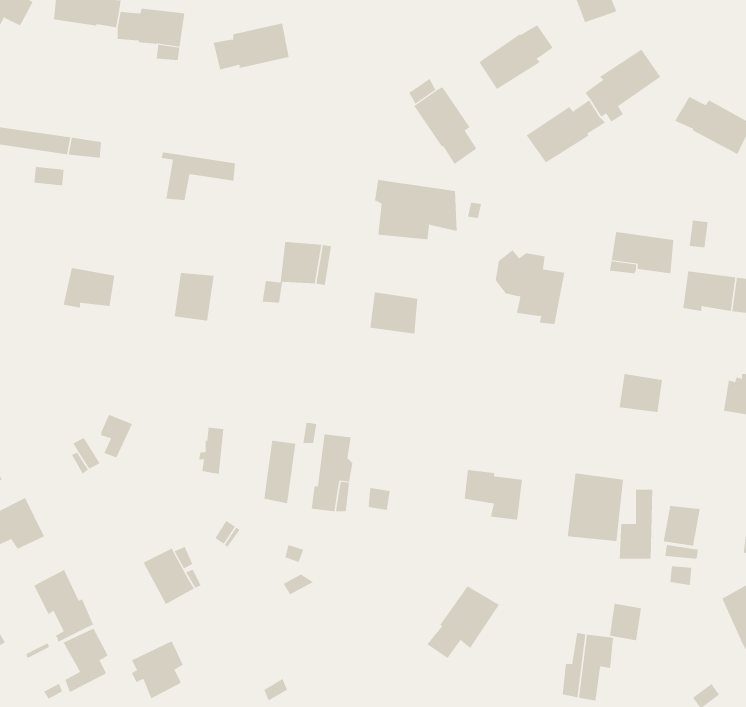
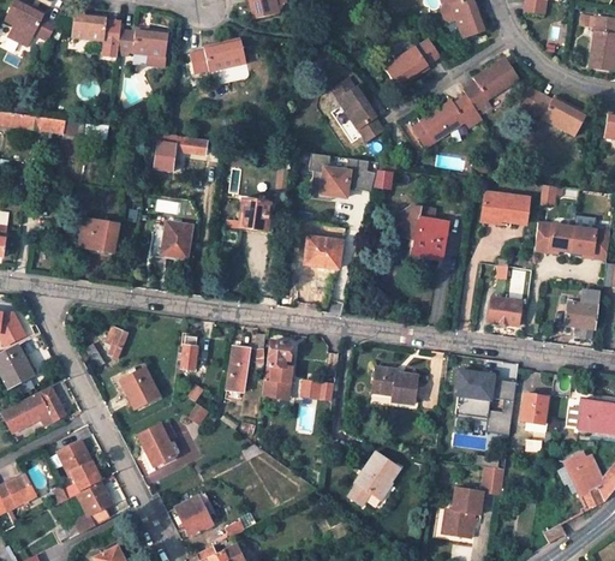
building: none -> [120,368,161,410]
building: [131,641,183,699] -> [175,494,214,537]

